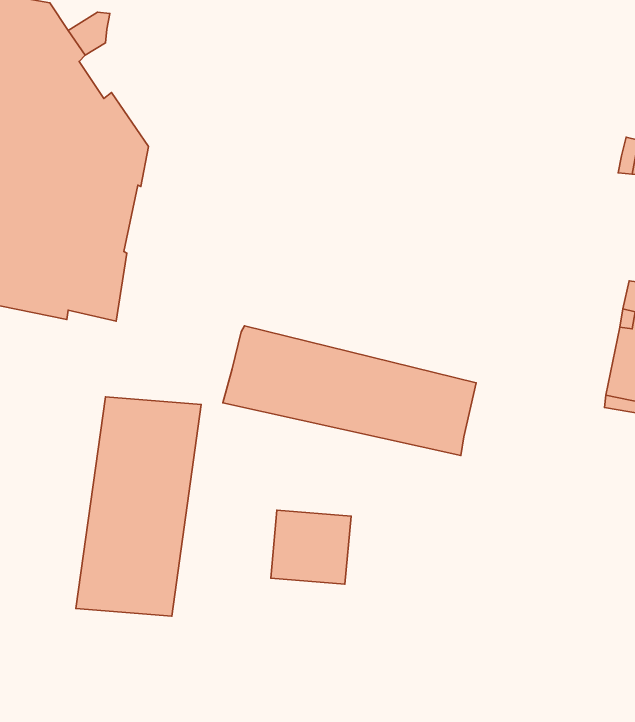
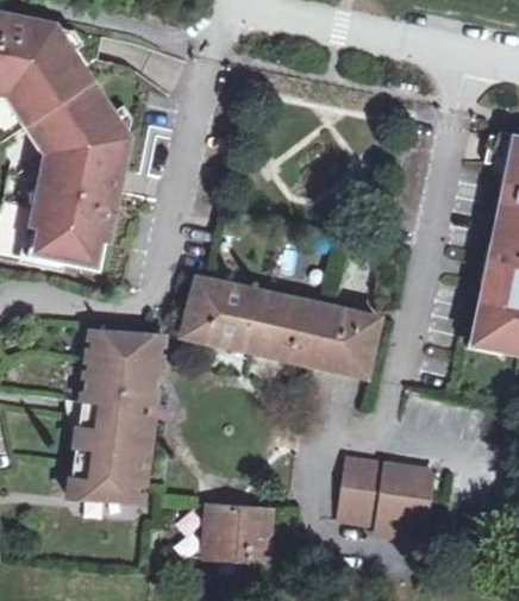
building: [271,510,351,584] -> [206,501,268,558]
building: none -> [338,459,432,537]

